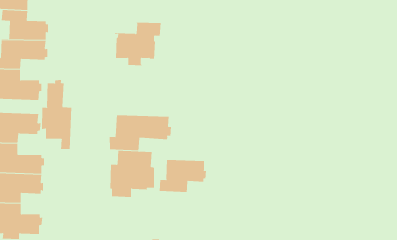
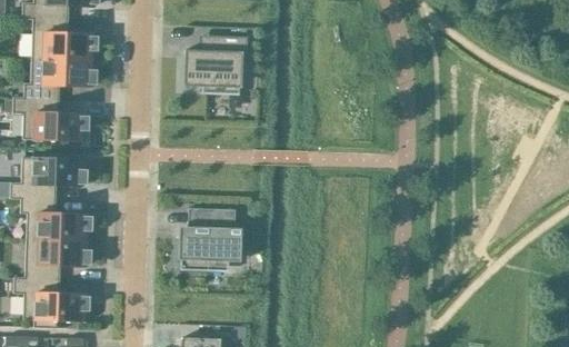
building: [41,79,72,150] -> none
building: [100,114,171,151] -> none
building: [159,159,207,193] -> none

